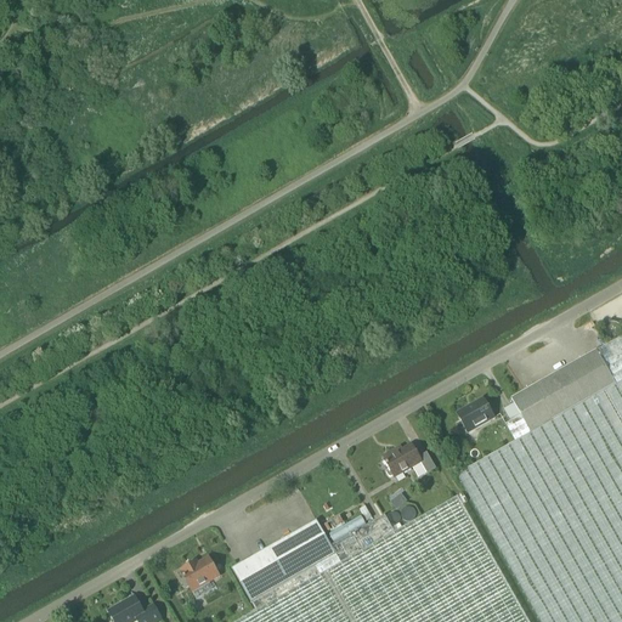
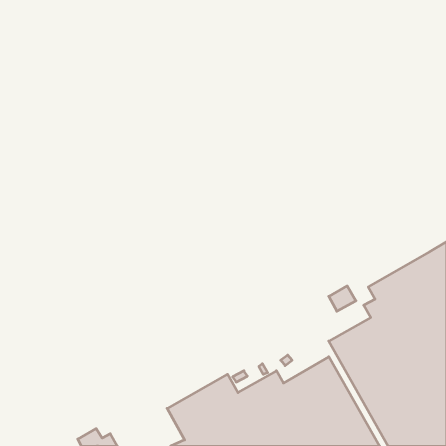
building: [384,443,437,477] -> none
building: [182,558,220,590] -> none

